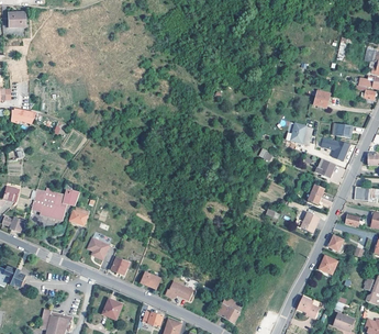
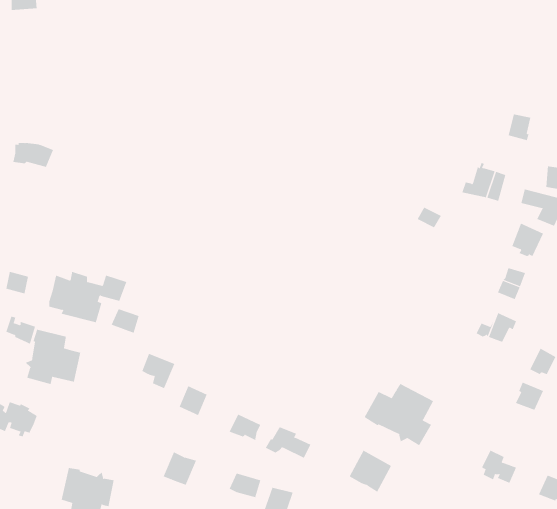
building: none -> [25,329,81,385]
building: none -> [364,383,434,446]

